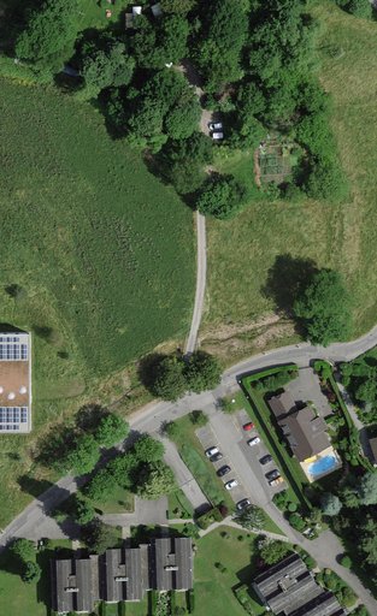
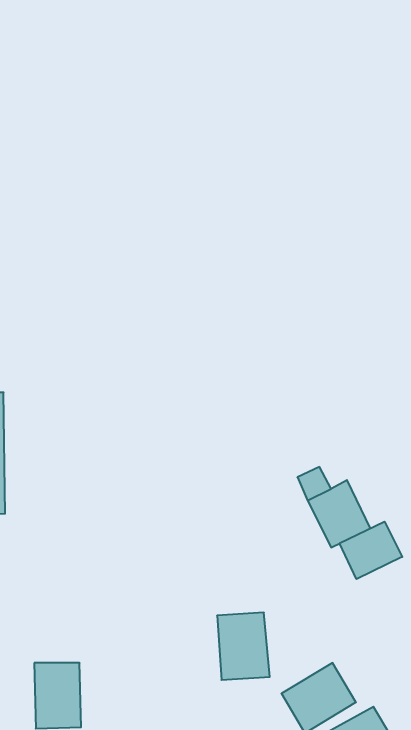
building: none -> [340,522,402,579]
building: [151,533,194,588] -> [217,613,270,680]
building: [102,546,142,600] -> none

